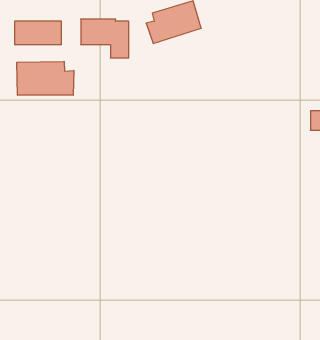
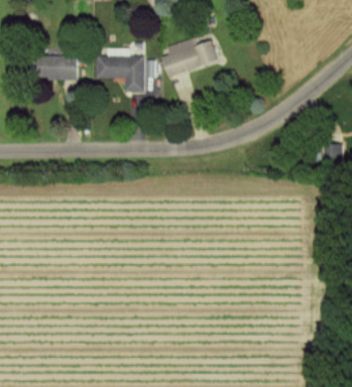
building: [17,61,74,95] -> none

